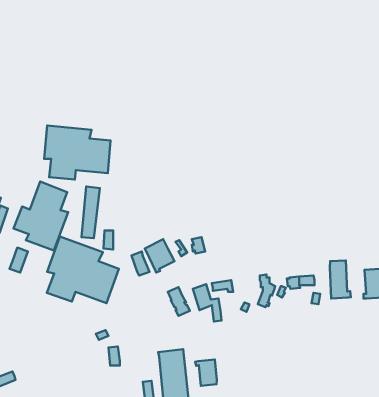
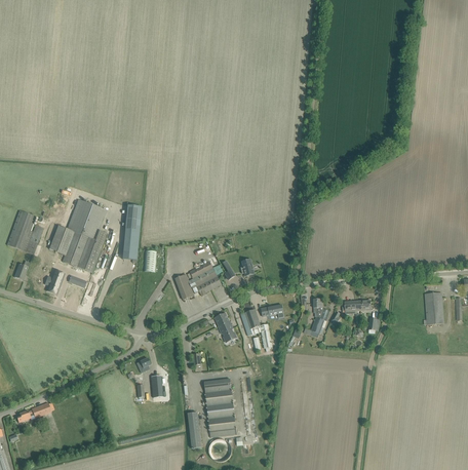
building: [44,125,111,179] -> none
building: [47,236,119,303] -> none
building: [330,260,351,299] -> none
building: [195,359,217,386] -> none

